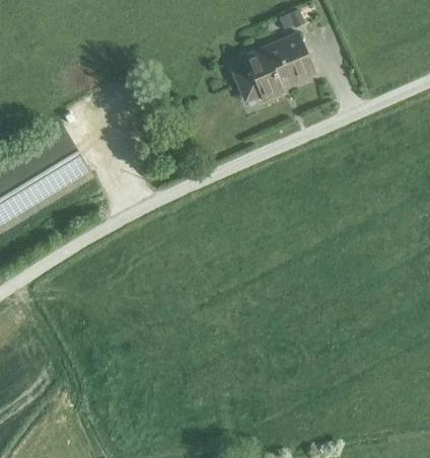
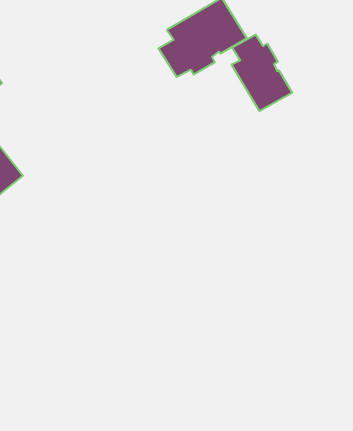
building: none -> [232,35,292,111]

